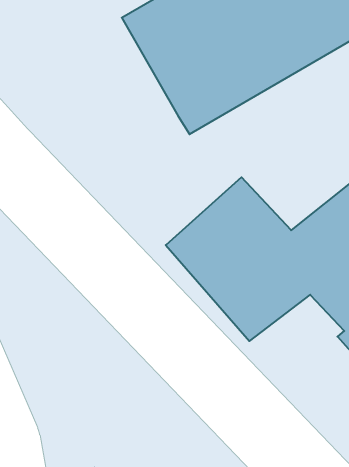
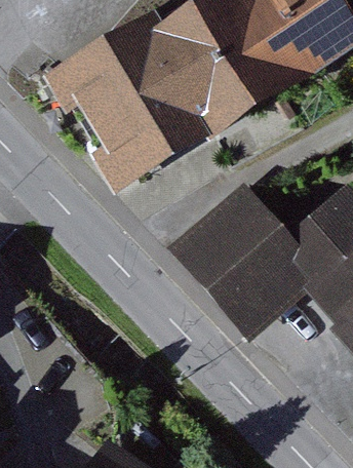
building: none -> [54,36,188,172]

